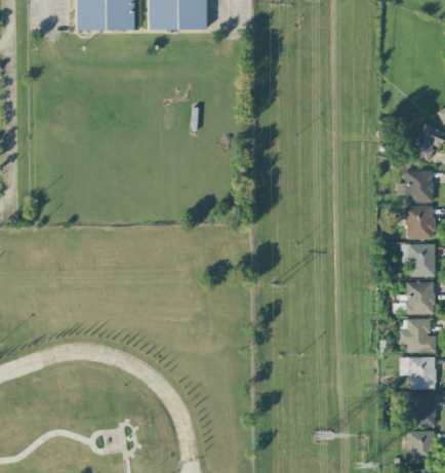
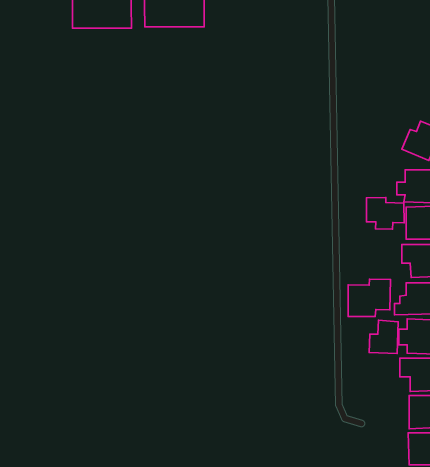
building: none -> [367,197,404,229]
building: none -> [348,279,390,317]
building: none -> [369,320,398,353]

